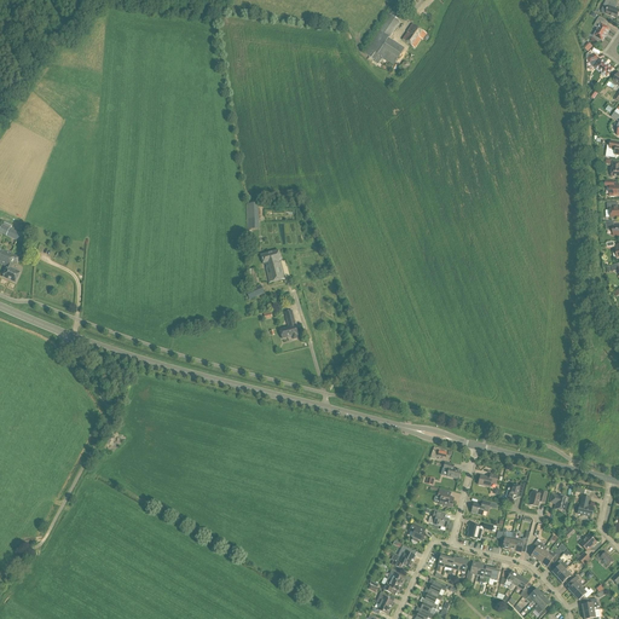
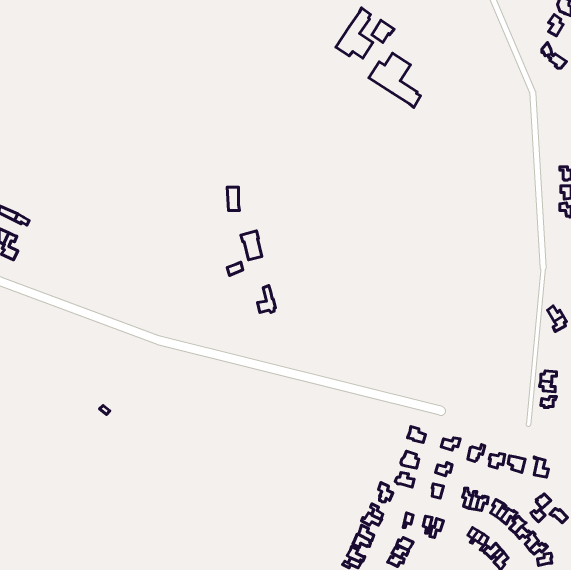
building: none -> [369,53,420,107]

